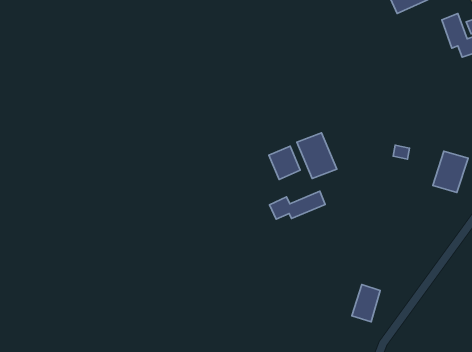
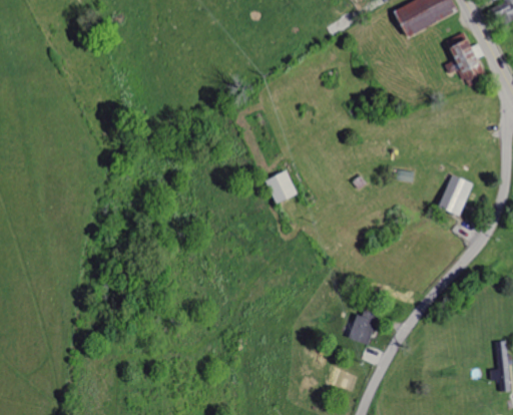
building: [297,133,337,179] -> none
building: [270,191,325,219] -> none

